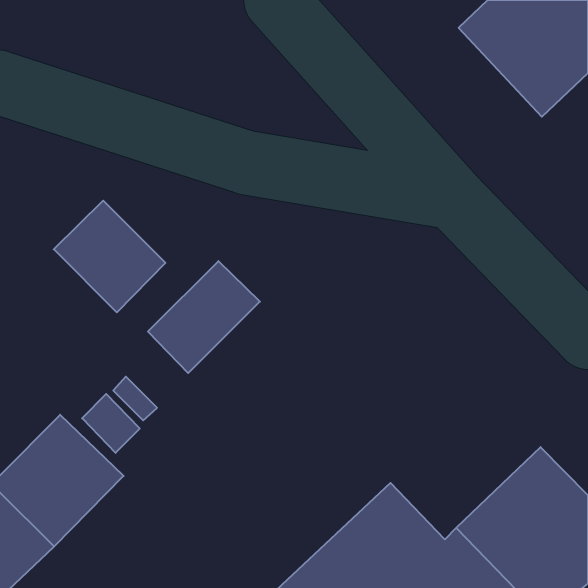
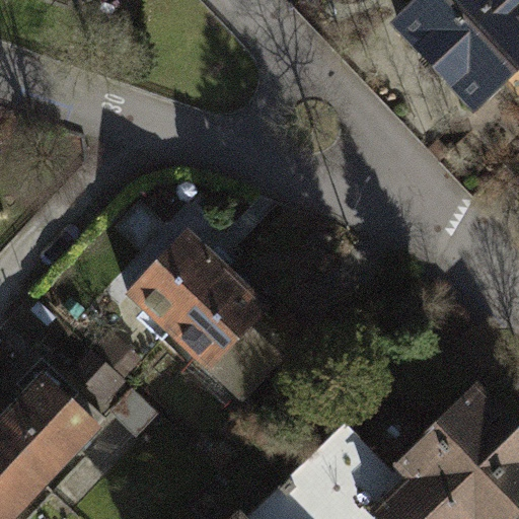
building: [54,201,165,312] -> none
building: none -> [165,267,280,399]

